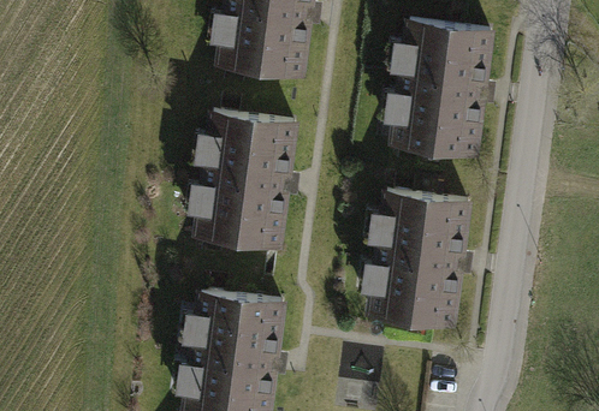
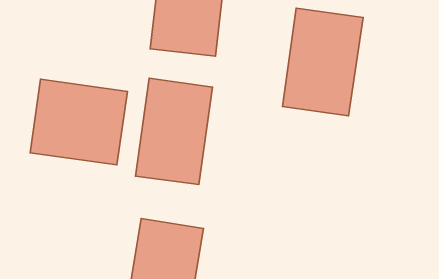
building: none -> [30,79,127,165]
building: [362,189,469,332] -> none

